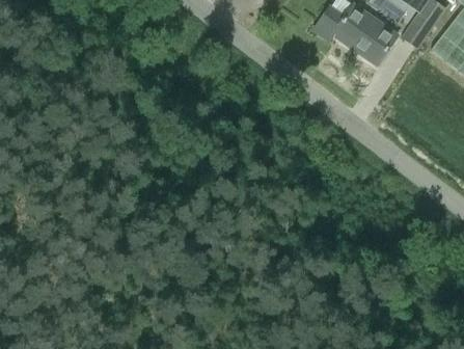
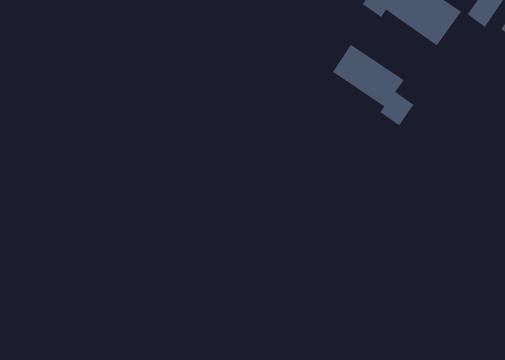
building: none -> [332,44,414,126]

